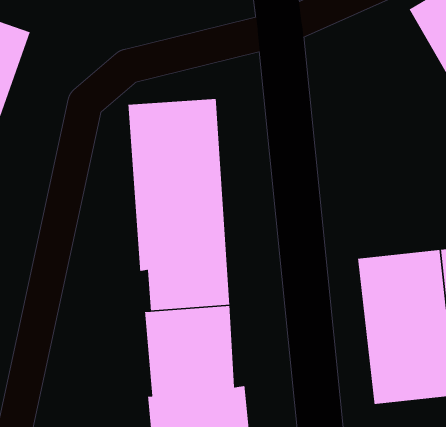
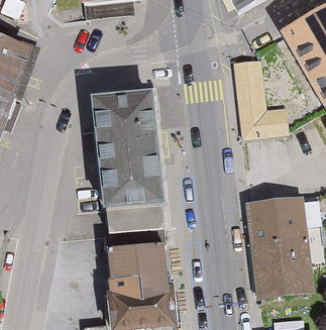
building: none -> [235,58,289,136]

